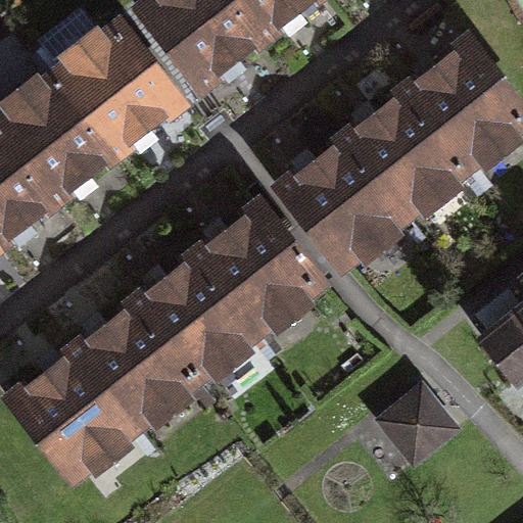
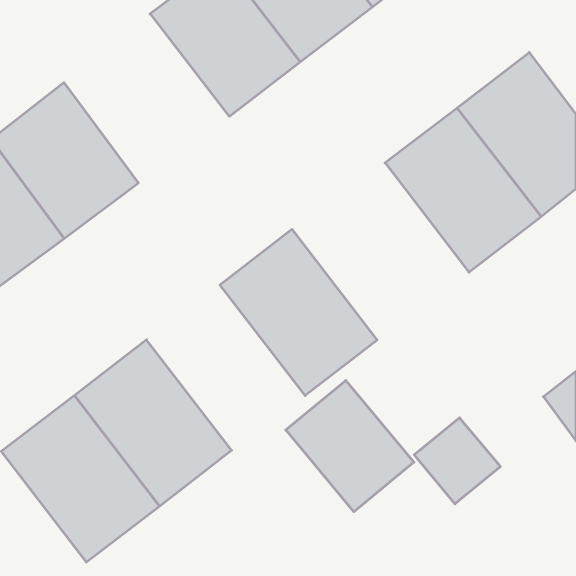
building: [56,21,187,160] -> none
building: [275,143,412,287] -> none
building: [129,250,268,395] -> none
building: none -> [286,380,414,512]

